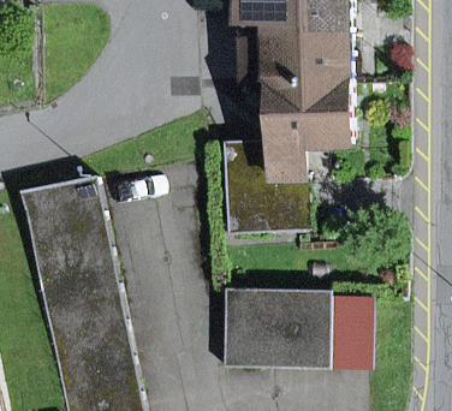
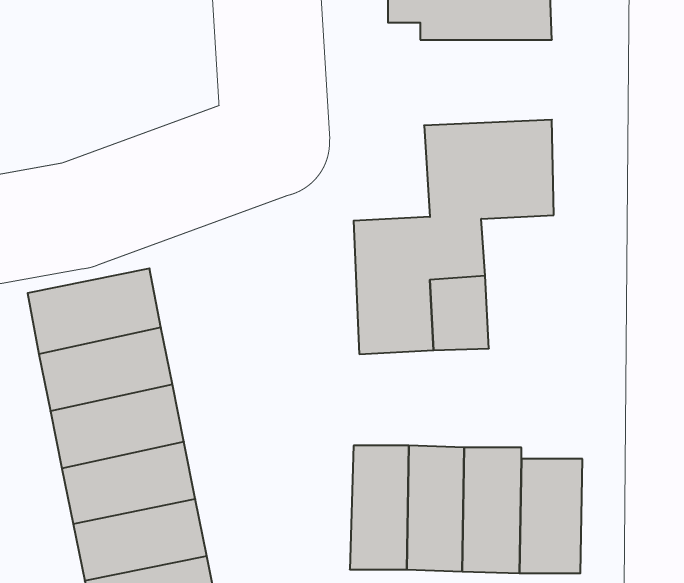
building: [244,31,351,85] -> none

